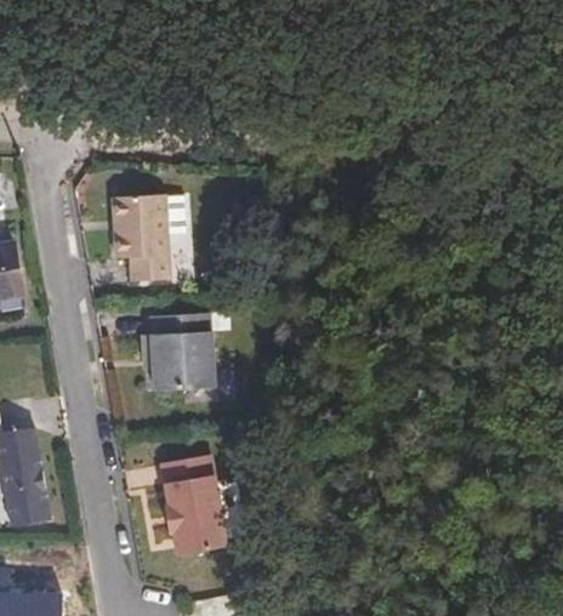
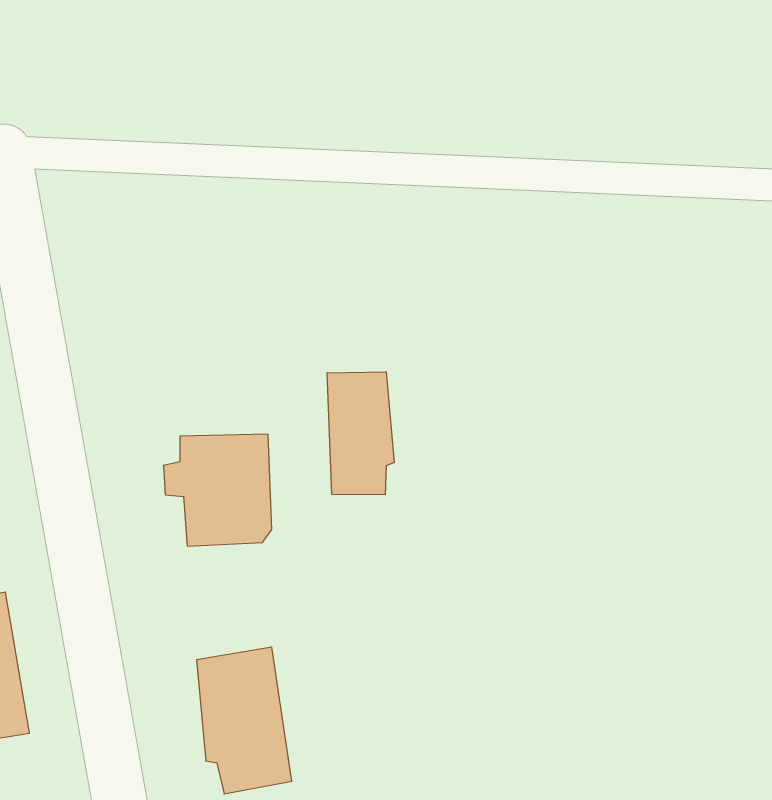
building: [114,199,169,283] -> none
building: none -> [327,372,394,495]

